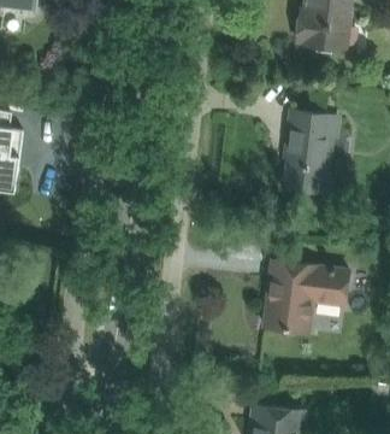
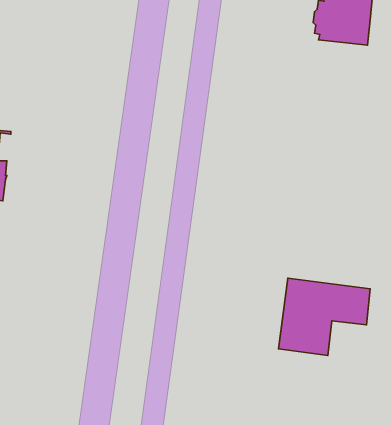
building: [286,113,341,194] -> none

